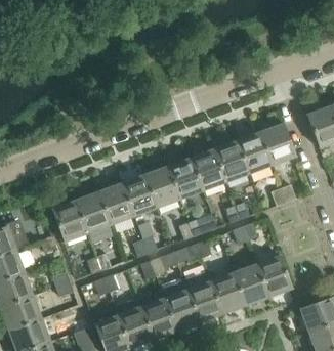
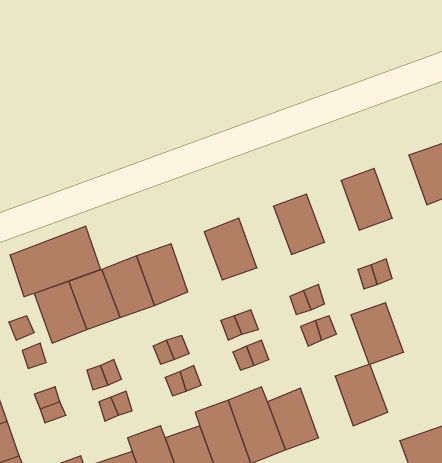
building: [237,131,273,173] -> none
building: [191,148,226,190] -> none
building: none -> [10,226,101,297]
building: [144,166,179,207] -> none
building: [233,264,268,306] -> [351,303,404,364]

